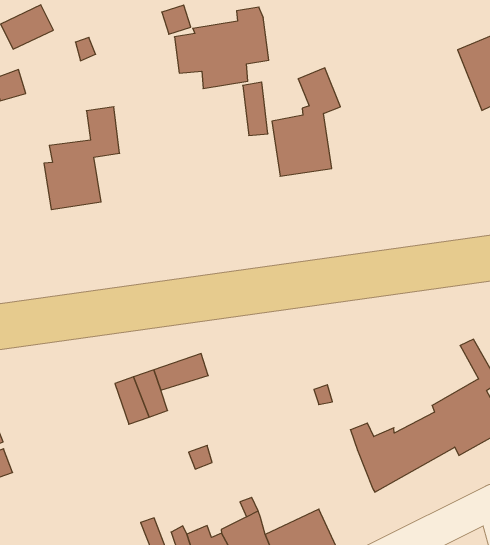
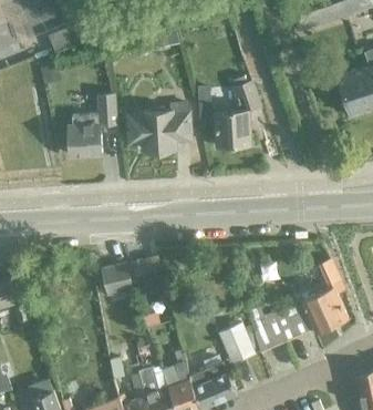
building: [174,7,269,89] -> [129,103,188,152]
building: none -> [219,324,259,363]

